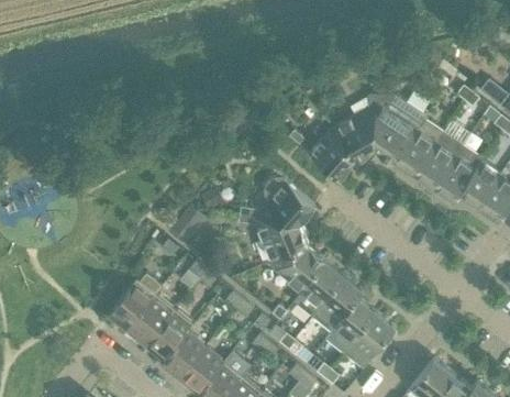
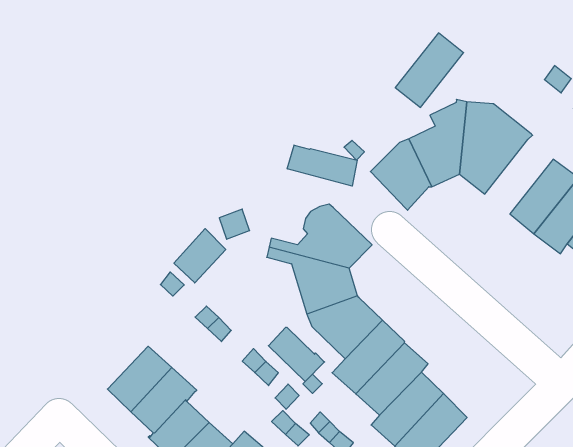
building: [396,119,444,175] -> [395,33,464,107]
building: none -> [287,145,357,186]
building: none -> [268,327,325,382]
building: [109,272,163,328] -> none

